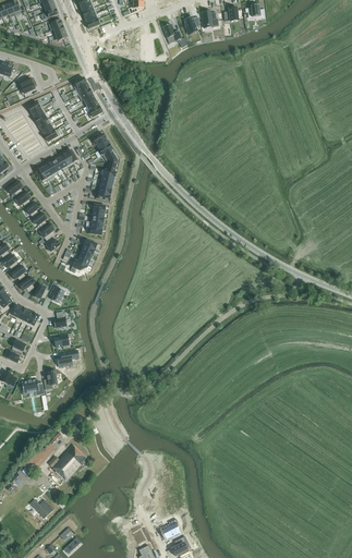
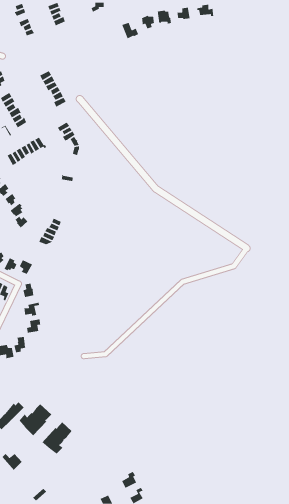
building: none -> [41,421,73,454]

